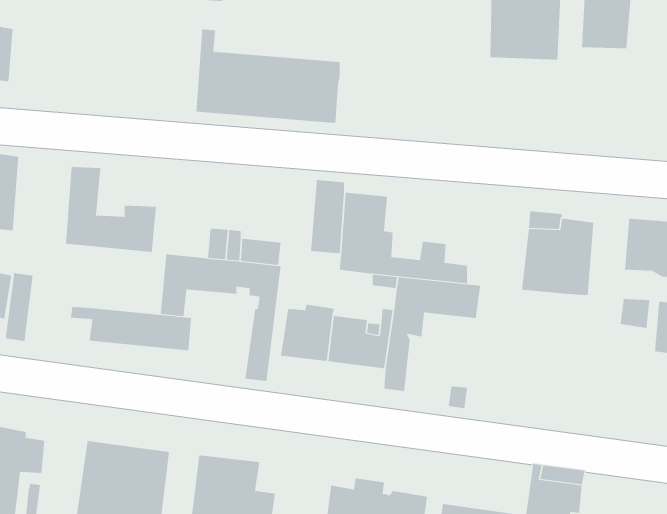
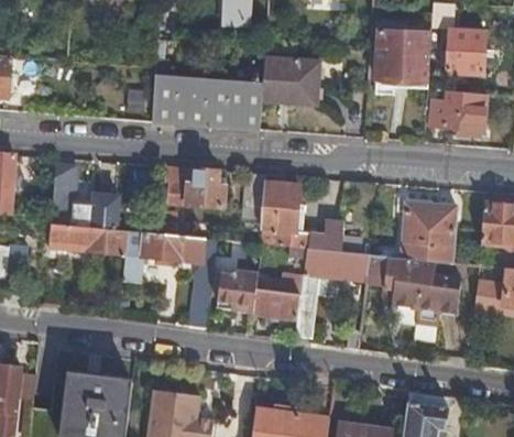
building: none -> [262,59,319,106]
building: none -> [428,94,484,131]
building: none -> [164,167,225,208]
building: none -> [367,256,461,326]
building: [70,306,192,351] -> [34,222,128,256]

